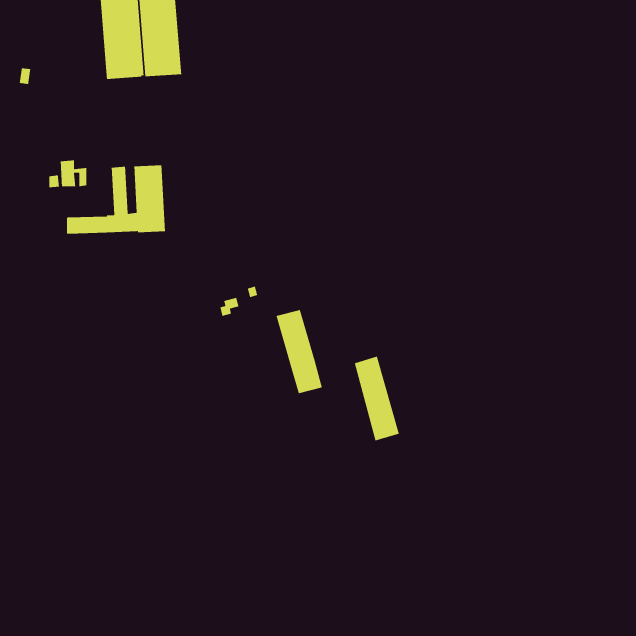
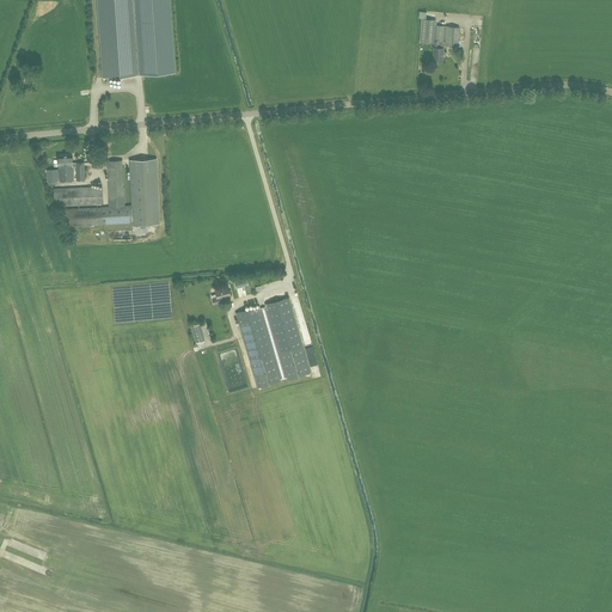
building: none -> [420,18,458,61]
building: none -> [53,185,102,204]
building: [354,355,400,442] -> [235,305,280,387]

